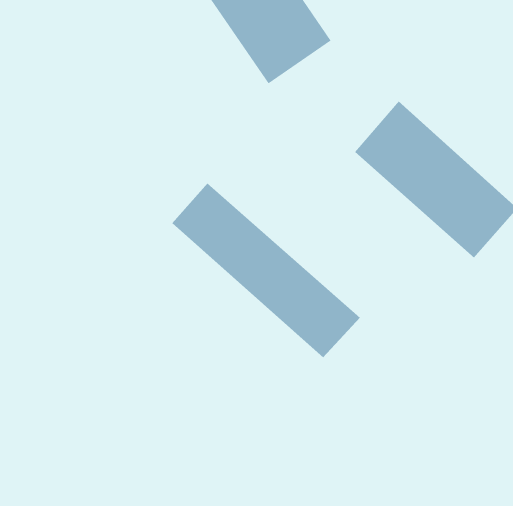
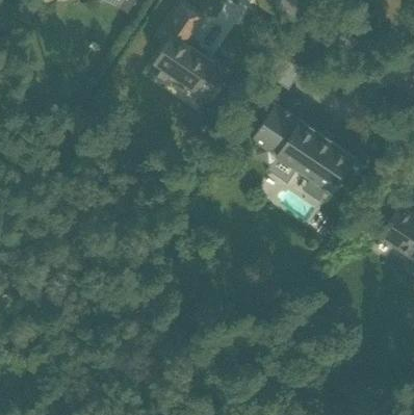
building: [172,183,361,358] -> none

